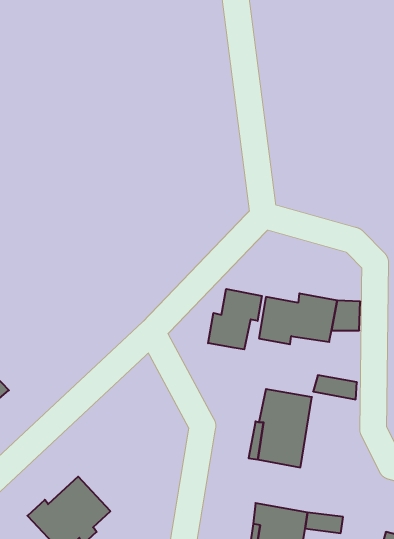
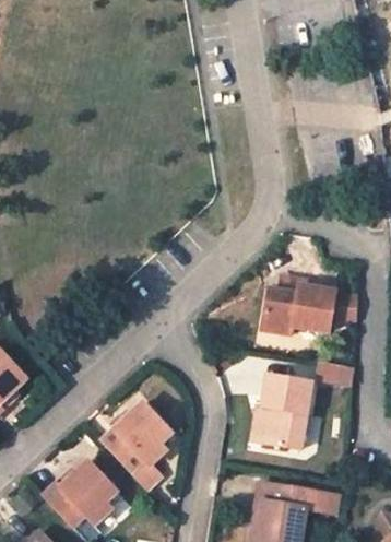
building: [208,289,262,349] -> none
building: none -> [102,403,168,490]

